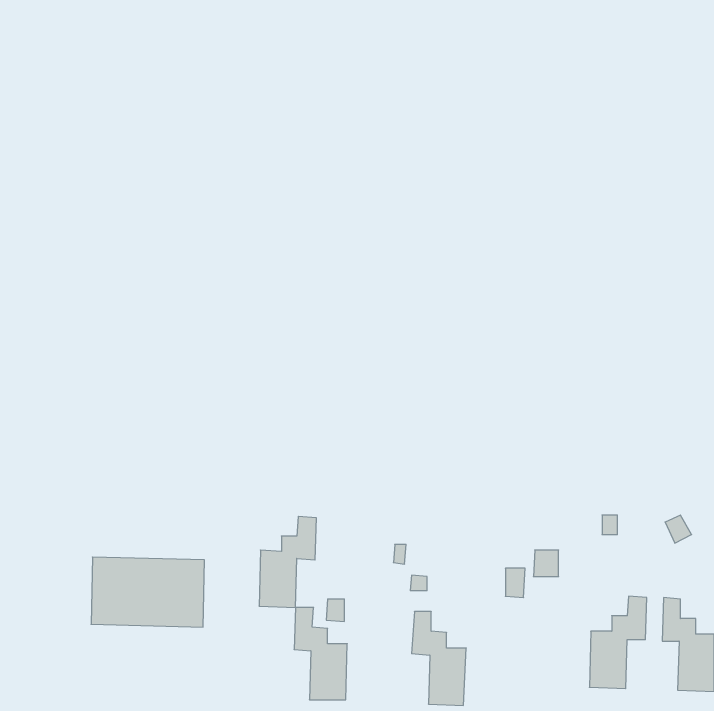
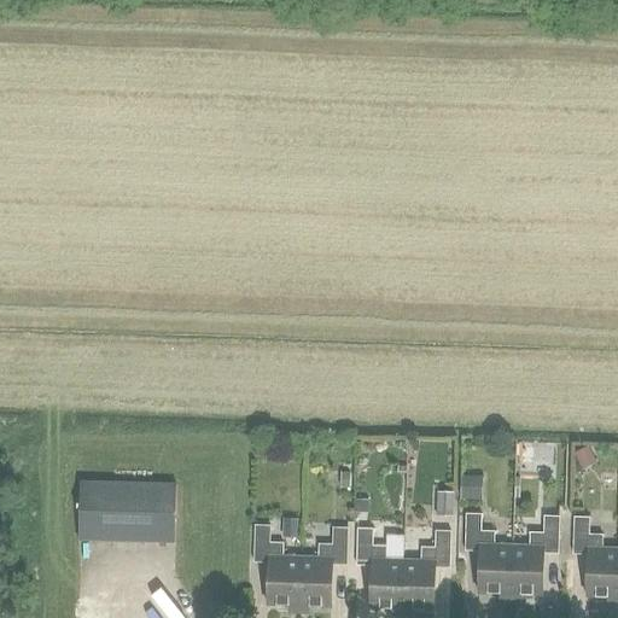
building: [259,516,316,607] -> [298,526,348,605]
building: none -> [462,512,509,593]
building: none -> [400,530,449,608]

